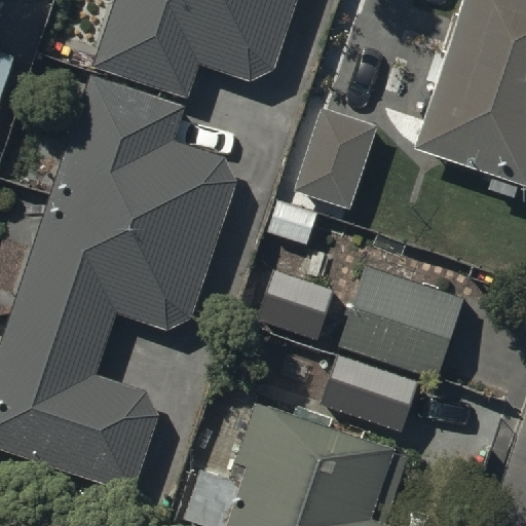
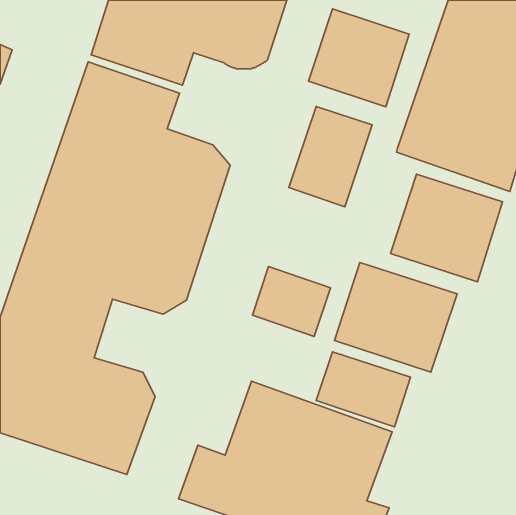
building: none -> [308,9,409,107]
building: none -> [391,174,503,282]

